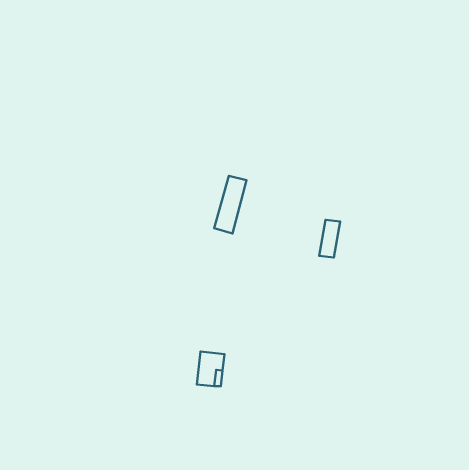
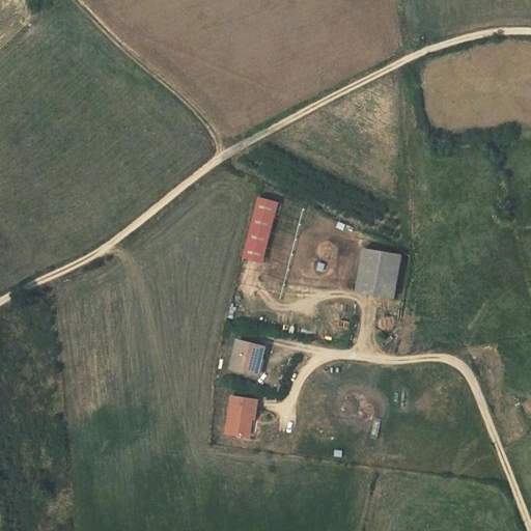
building: none -> [376,250,404,295]
building: none -> [229,341,260,374]

